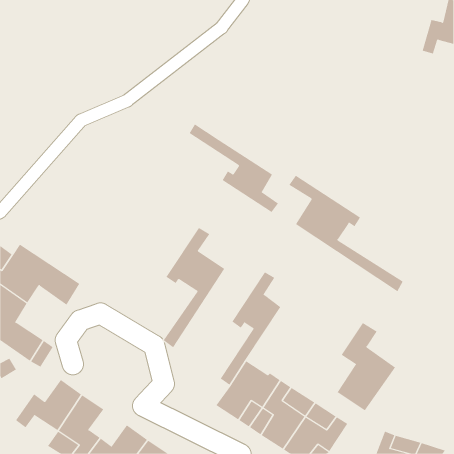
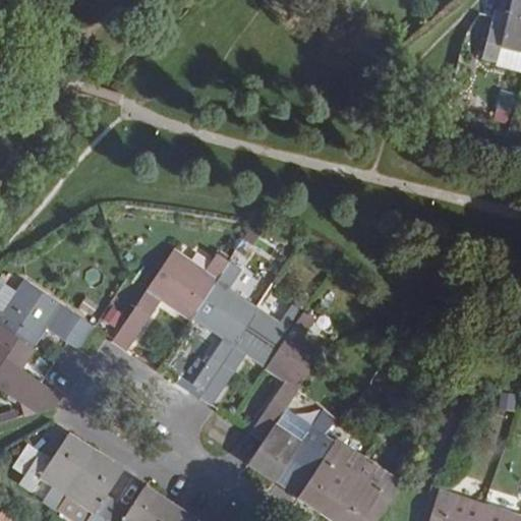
building: [189,123,279,213] -> none
building: [289,175,403,292] -> none
building: none -> [113,250,227,347]
building: none -> [198,301,302,405]
building: [337,322,396,411] -> none

